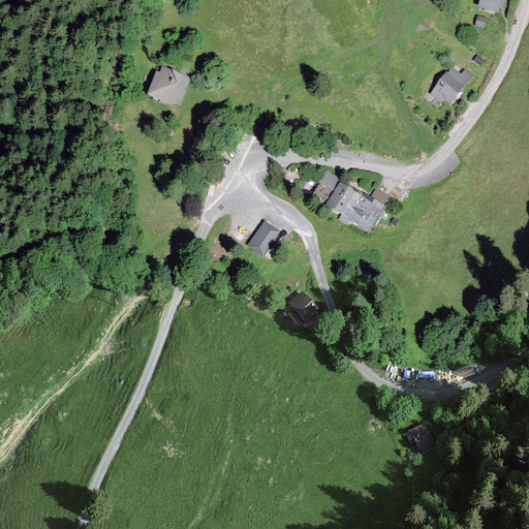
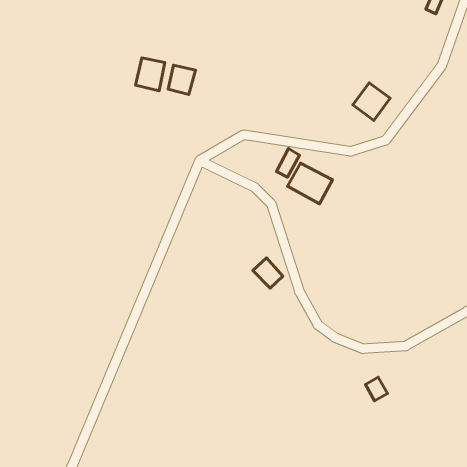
building: [432,66,474,108] -> [353,83,390,120]
building: none -> [168,65,195,94]
building: [248,218,281,253] -> none

